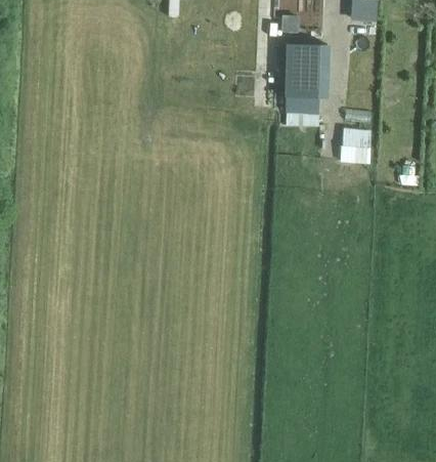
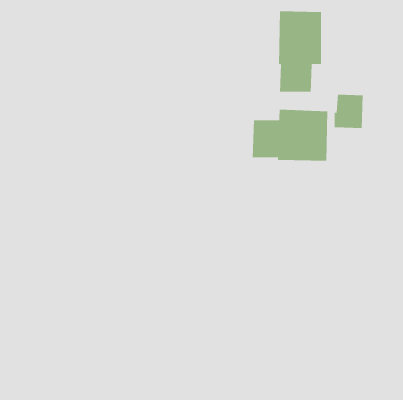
building: none -> [252,109,328,161]

